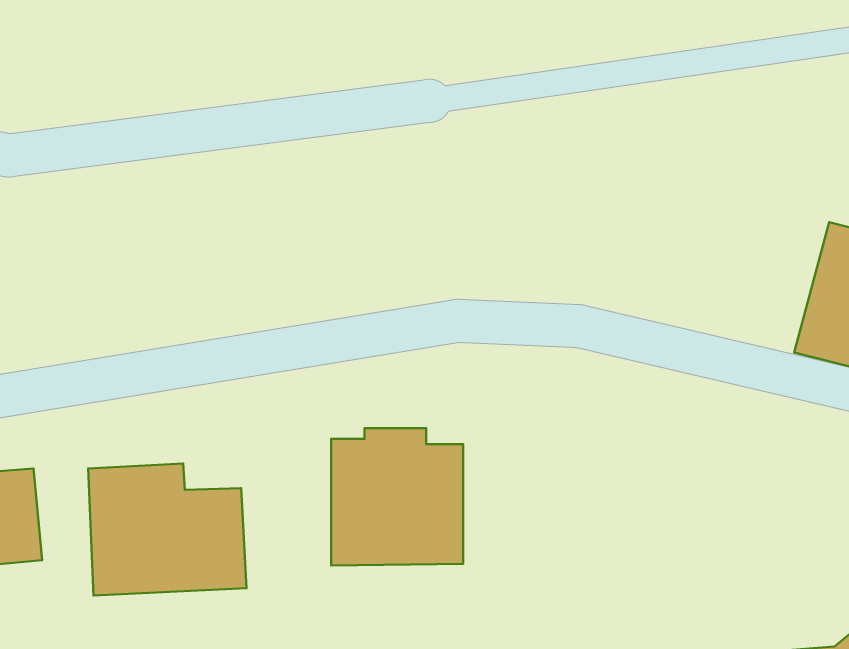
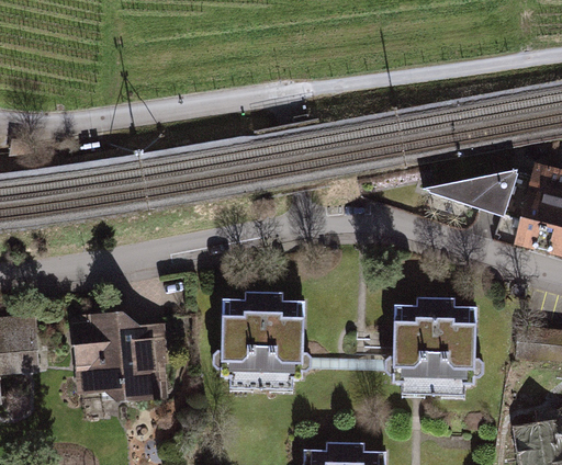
building: none -> [423,169,520,216]
building: none -> [395,297,476,376]

